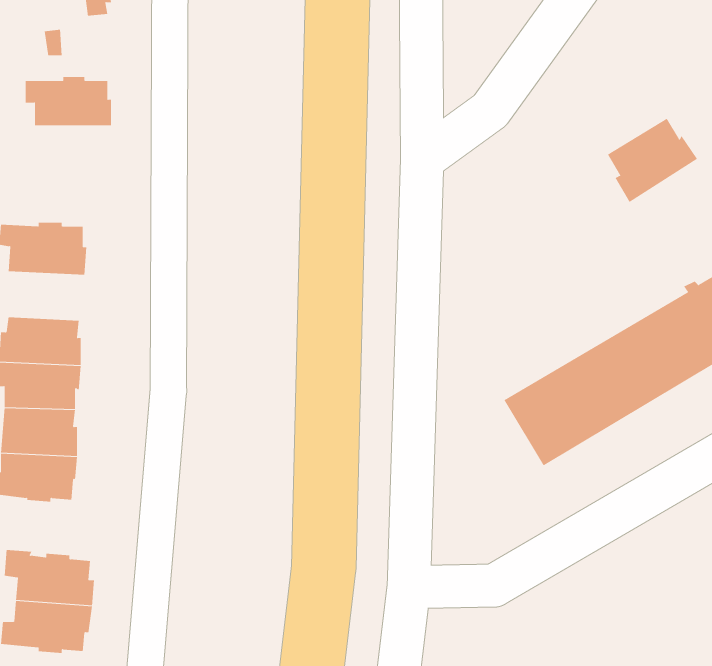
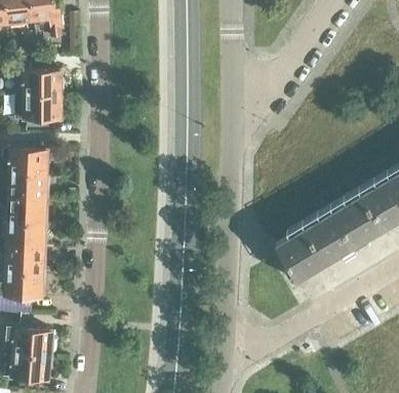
building: [607,118,698,203] -> none
building: none -> [16,97,64,125]
building: none -> [7,176,49,203]

